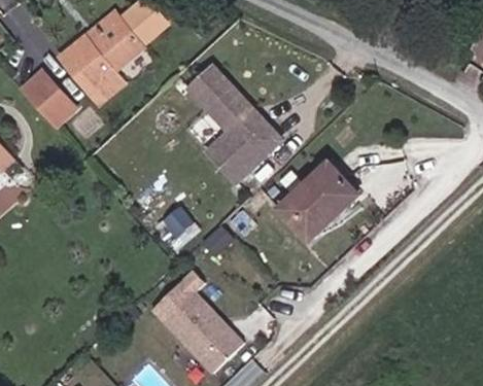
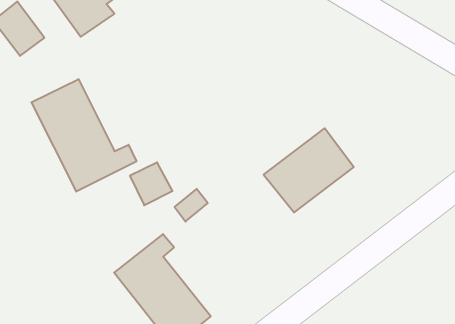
building: [193,64,284,179] -> none
building: none -> [31,79,136,192]

